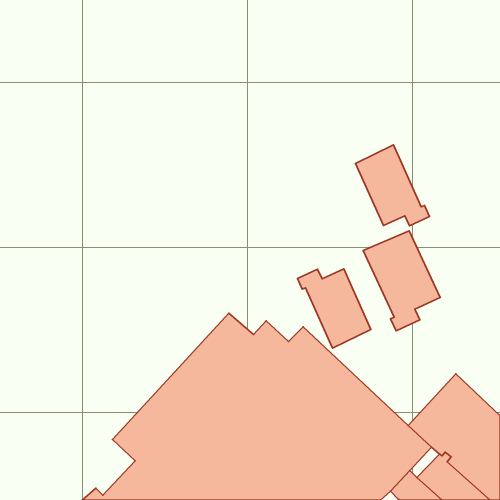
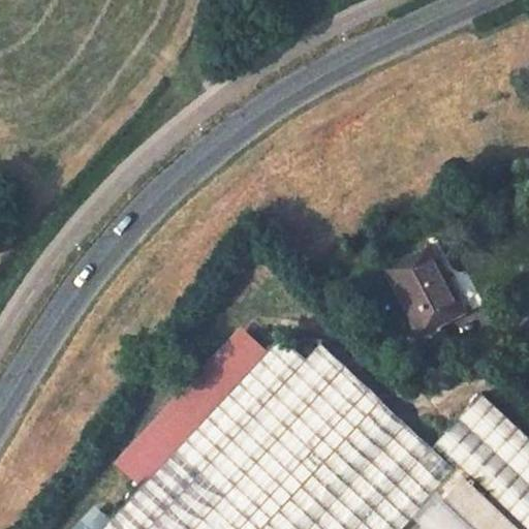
building: [356,145,429,226] -> none
building: [298,269,371,348] -> none

